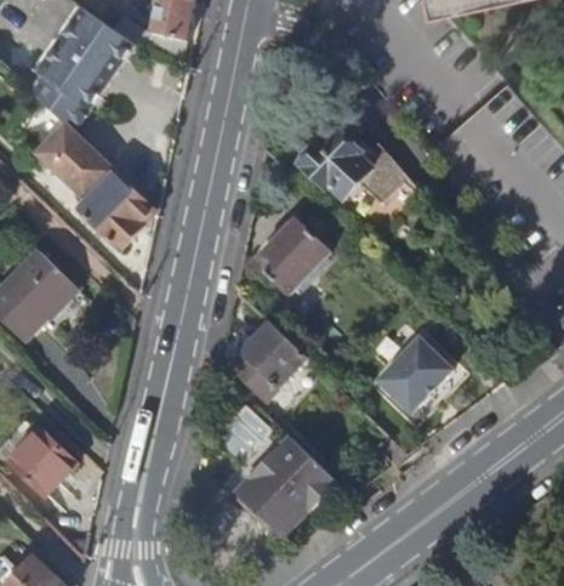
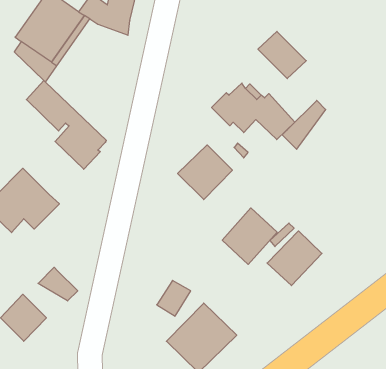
building: none -> [258,31,306,79]
building: none -> [282,100,326,149]
building: [227,322,303,400] -> [222,208,277,264]
building: none -> [38,267,78,301]

